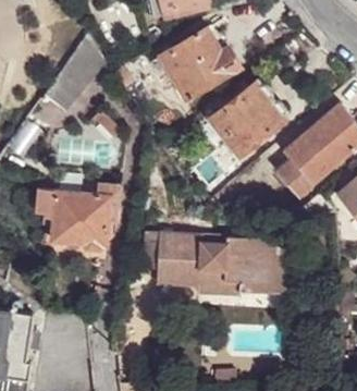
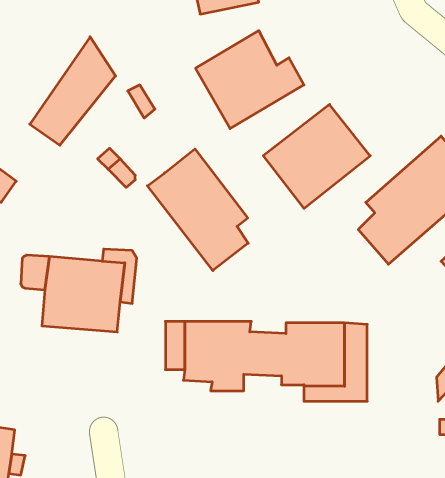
building: none -> [147,149,248,271]

